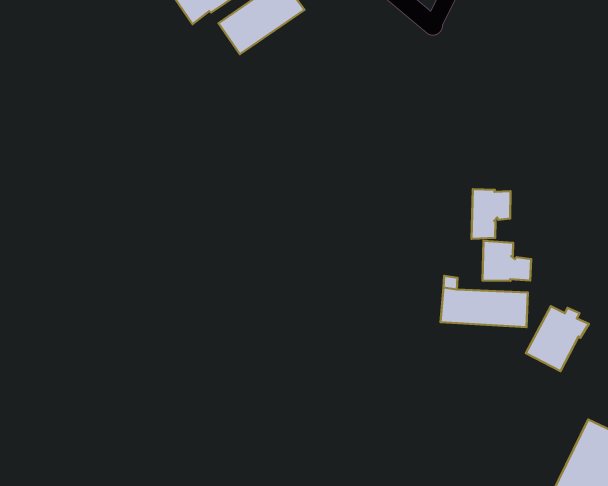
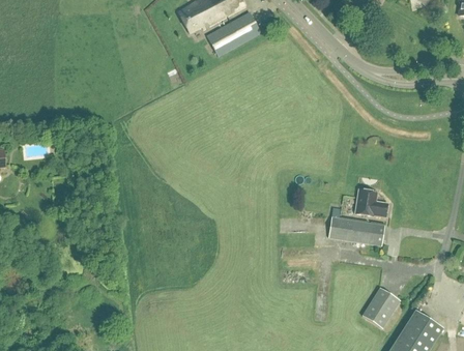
building: [471,189,510,239] -> none
building: [526,306,589,371] -> [358,288,400,329]

